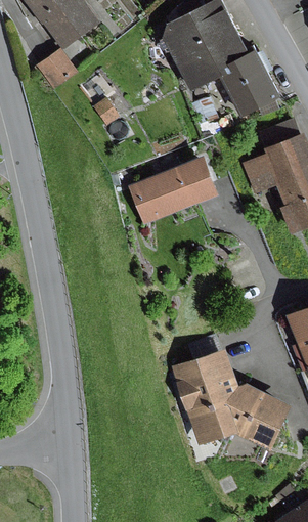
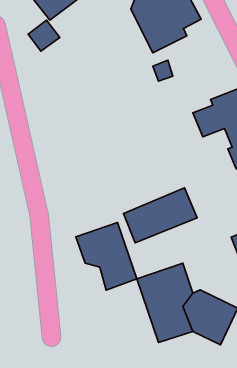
building: [219,45,283,118] -> none
building: [129,156,219,223] -> [124,188,197,243]
building: none -> [76,223,137,290]

